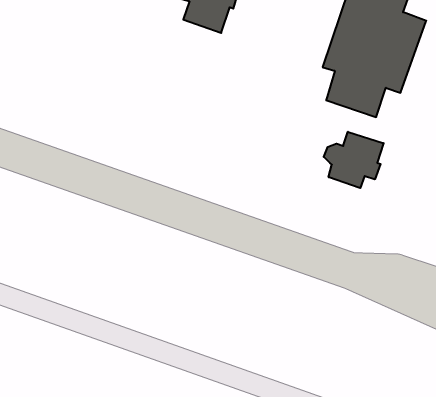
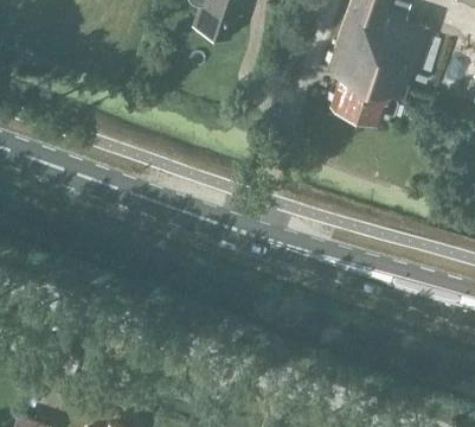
building: [324,132,384,188] -> none

